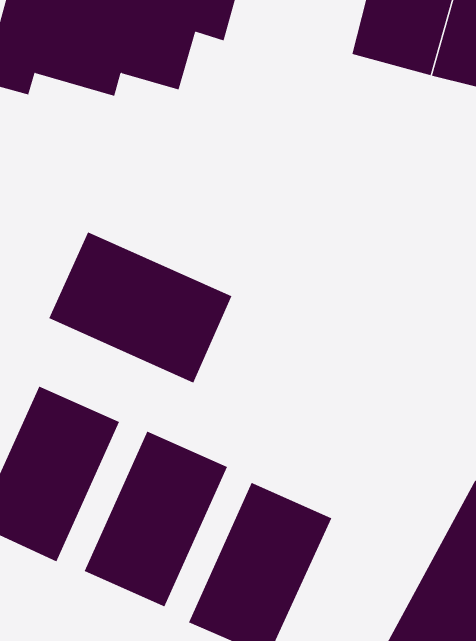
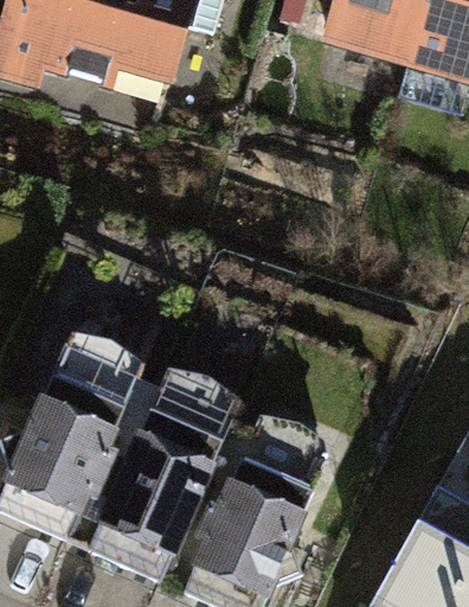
building: [48,232,232,384] -> none

